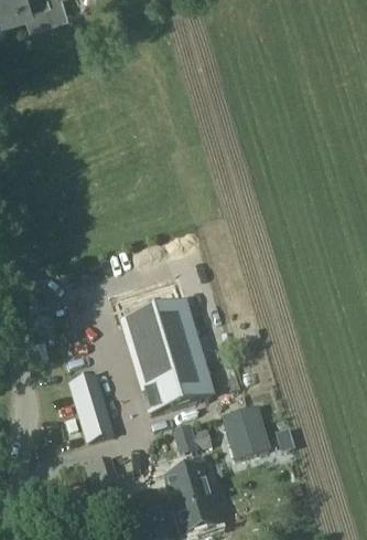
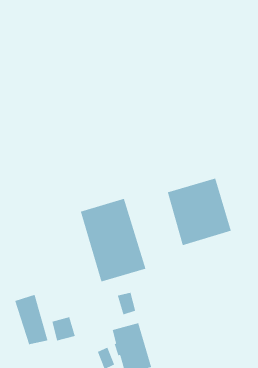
building: none -> [167,178,232,246]
building: [69,372,115,440] -> [14,294,49,345]
building: [226,398,274,452] -> none

